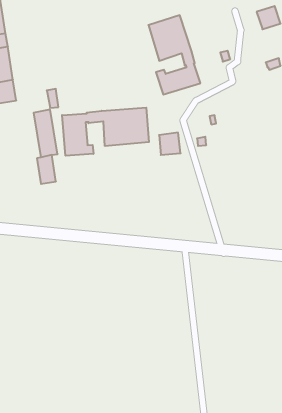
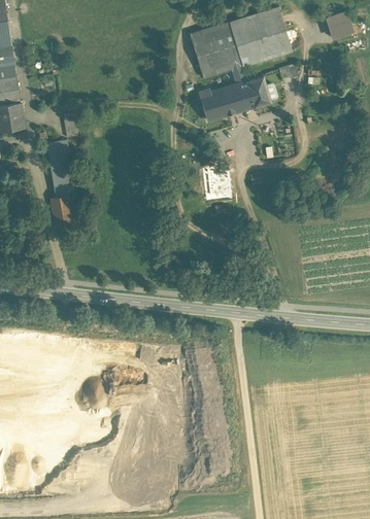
building: none -> [229,7,292,66]
building: none -> [246,76,270,106]
building: [62,108,149,156] -> none

